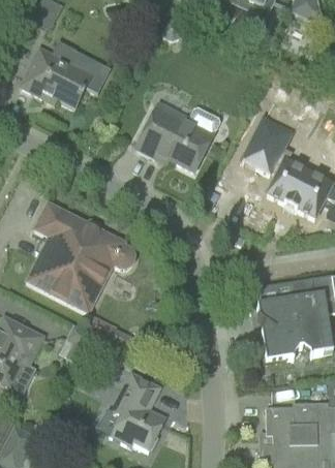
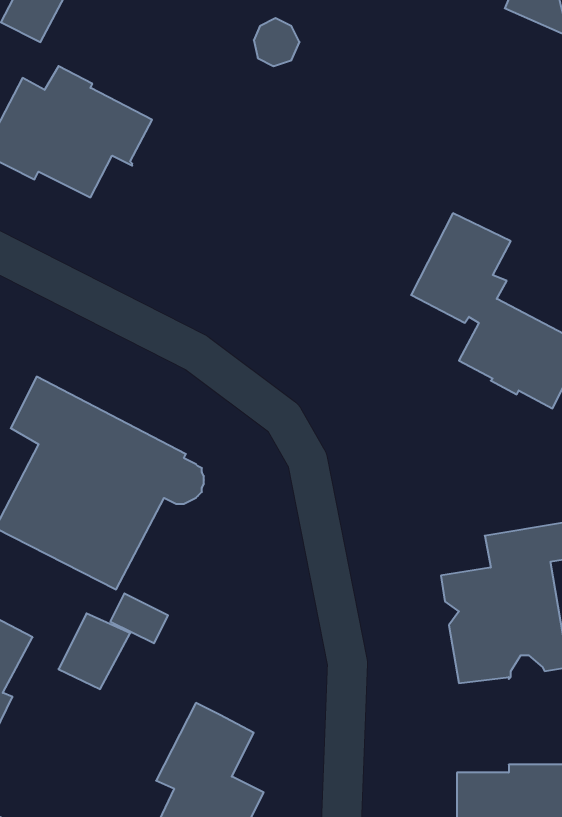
building: [138,101,221,170] -> none

